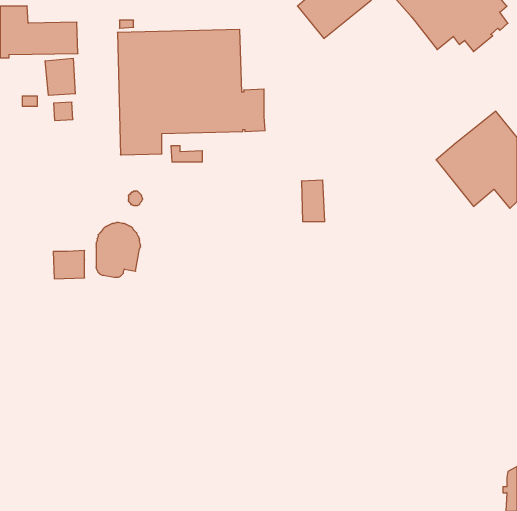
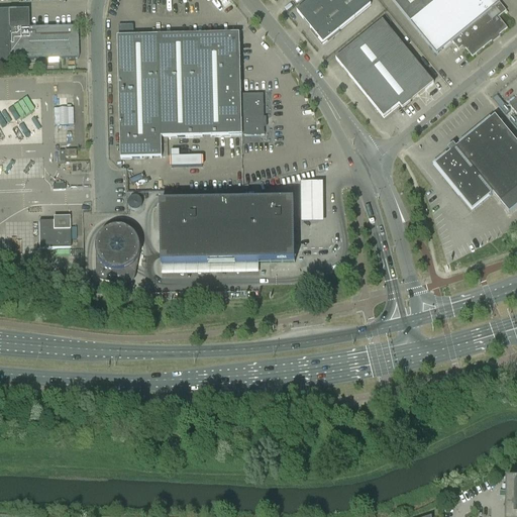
building: none -> [335,15,433,112]
building: [45,58,75,95] -> none
building: none -> [161,196,295,260]
building: [53,250,85,279] -> [38,216,70,244]

